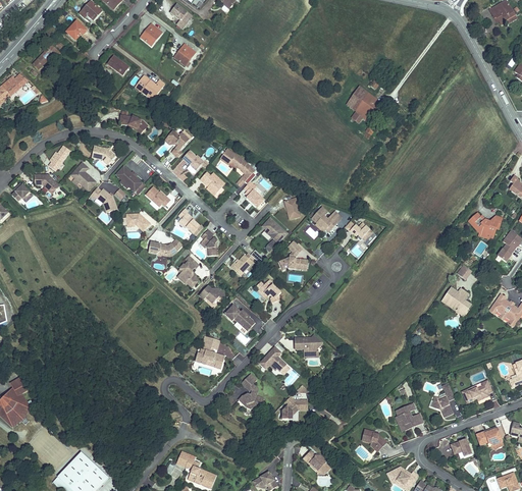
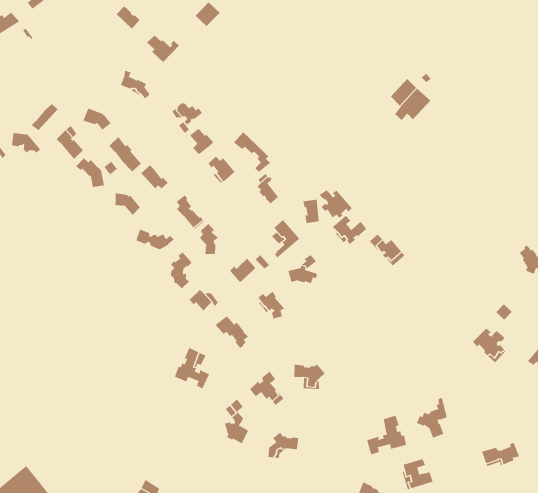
building: none -> [319,190,353,219]
building: none -> [366,415,407,455]
building: [429,381,455,417] -> [416,397,447,439]

